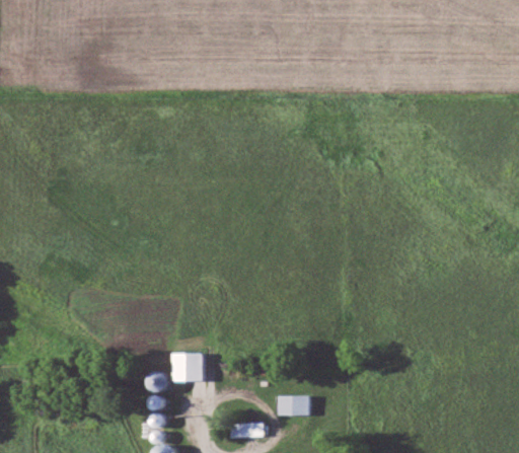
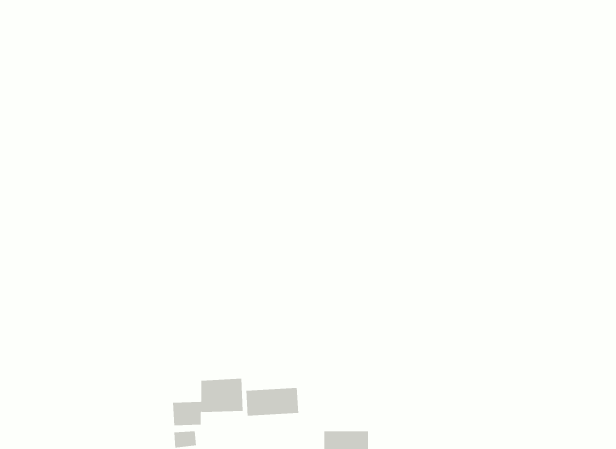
building: none -> [246,387,299,416]

